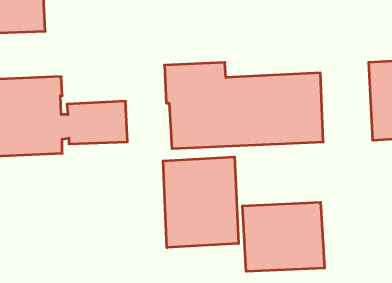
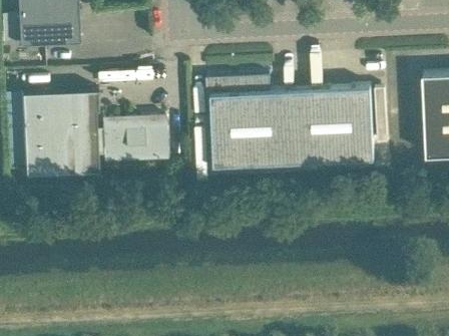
building: [163,157,238,248] -> none
building: [243,202,324,271] -> none

